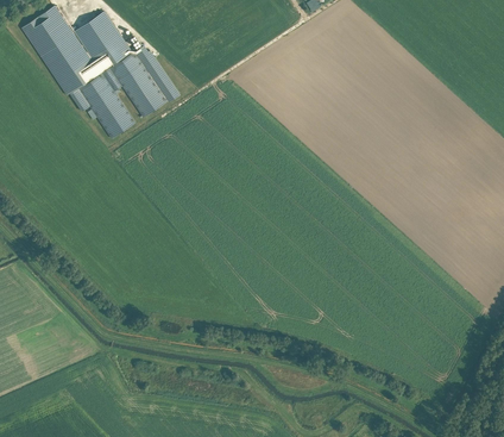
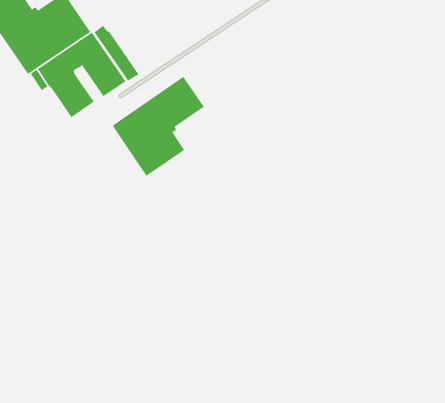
building: none -> [112,76,205,177]

